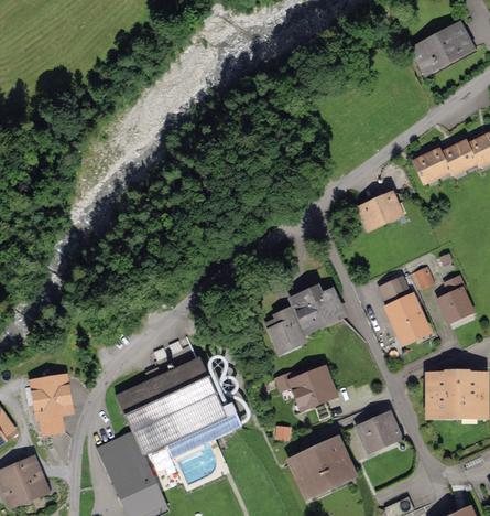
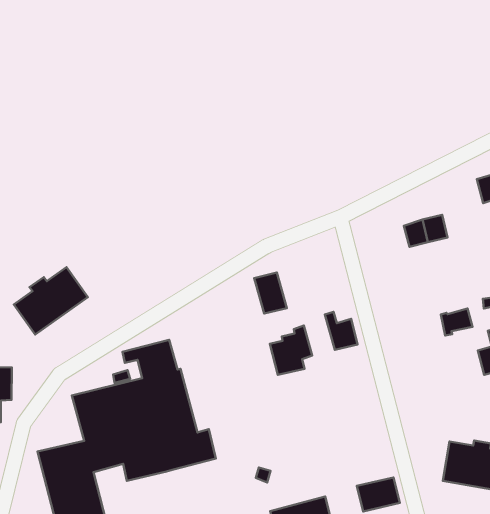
building: [381,278,425,338] -> none
building: none -> [14,267,88,335]
building: [293,292,324,327] -> [254,273,287,314]
building: [276,370,333,404] -> none

